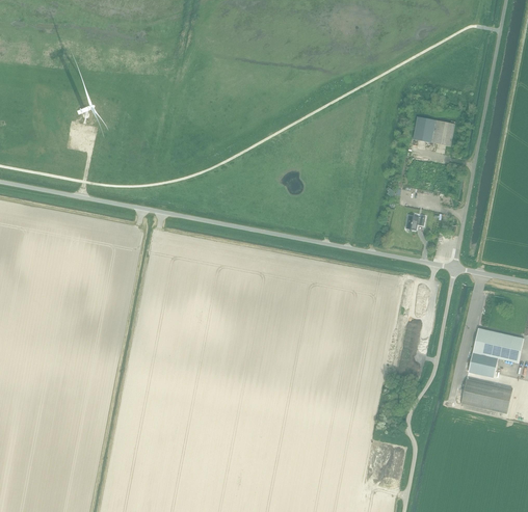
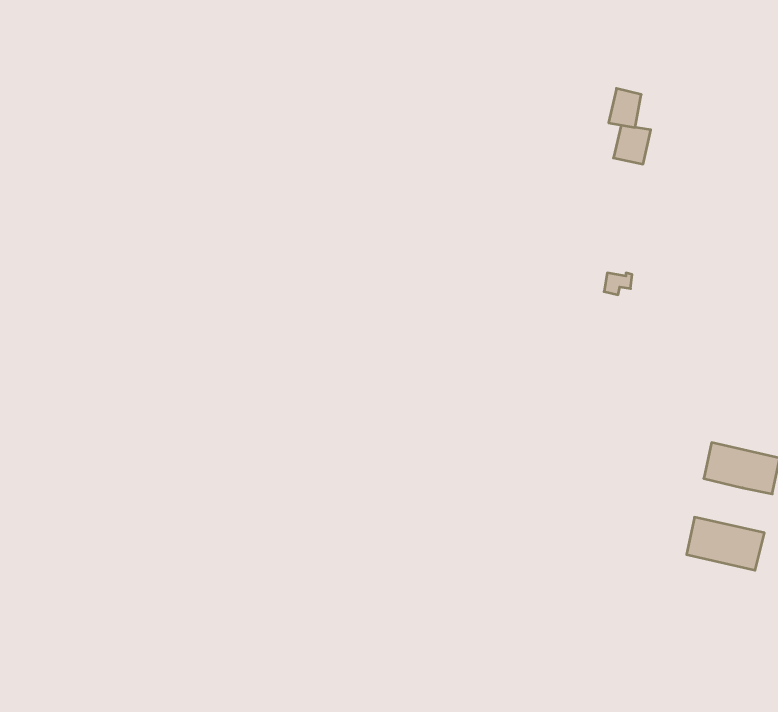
building: [431,119,453,145] -> [609,88,641,127]
building: [468,352,498,376] -> none

